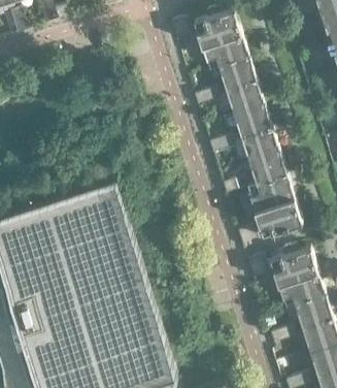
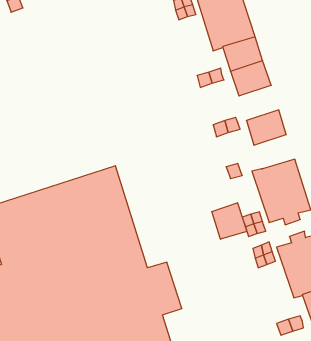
building: [233,105,271,139] -> none
building: [247,153,287,186] -> none
building: none -> [212,203,247,239]

